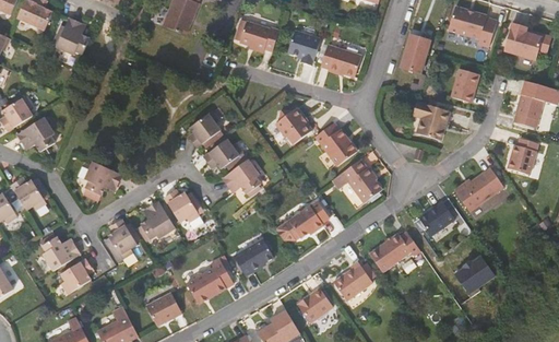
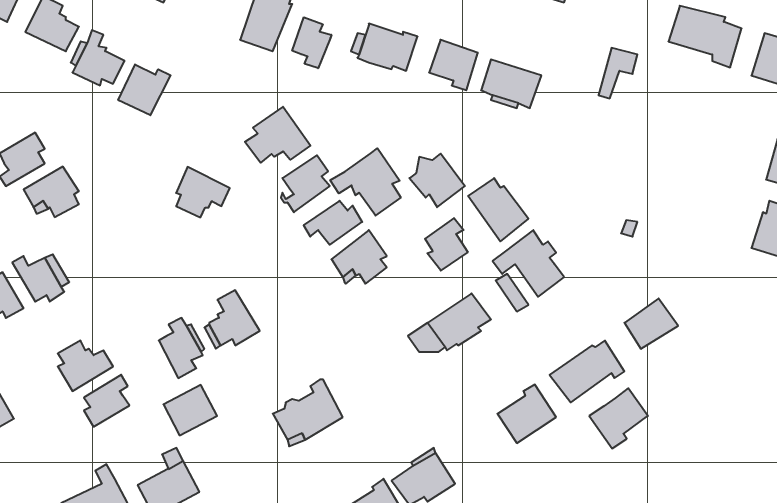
building: none -> [292,17,331,68]
building: none -> [118,64,171,115]
building: [453,69,483,104] -> none
building: none -> [245,107,310,163]
building: none -> [330,148,401,216]
building: [421,103,455,141] -> none
building: none -> [425,218,468,271]
building: [86,158,122,192] -> [176,167,230,217]
building: [456,169,504,213] -> none
building: [166,190,201,221] -> none
building: [234,237,273,275] -> none
building: [455,258,495,298] -> [589,388,648,448]
building: [299,287,334,322] -> none
building: [143,290,179,323] -> [163,385,217,435]

